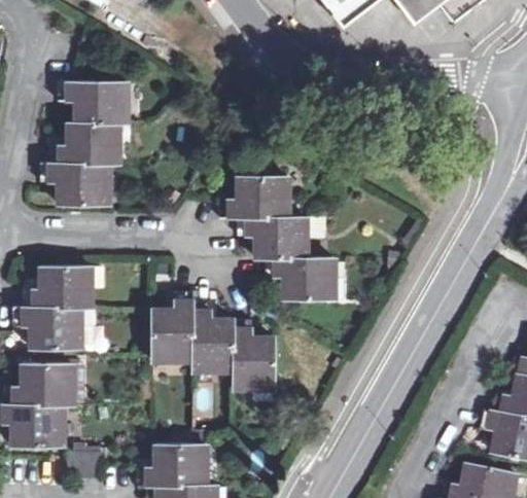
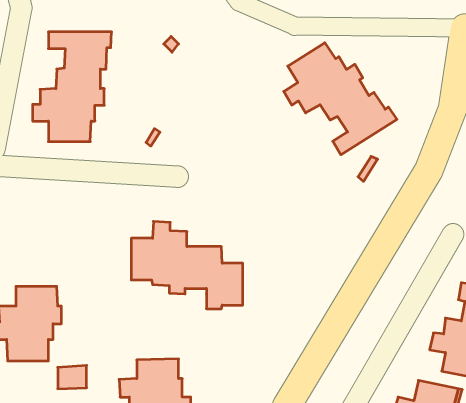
building: none -> [284,43,397,155]
building: [220,177,346,299] -> none
building: [14,266,93,349] -> none

